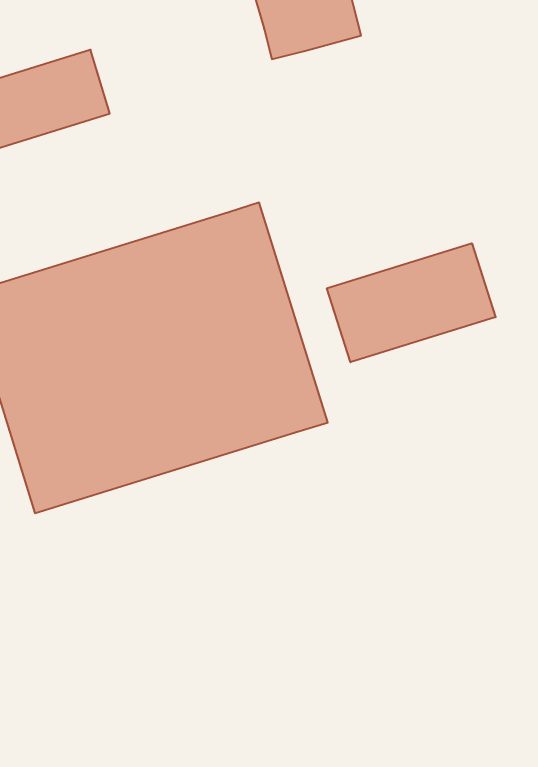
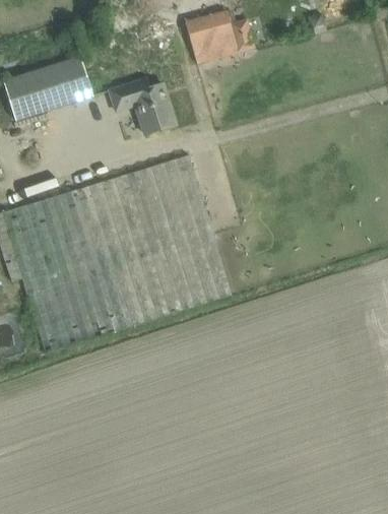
building: none -> [109,78,175,133]
building: [327,243,496,362] -> none

